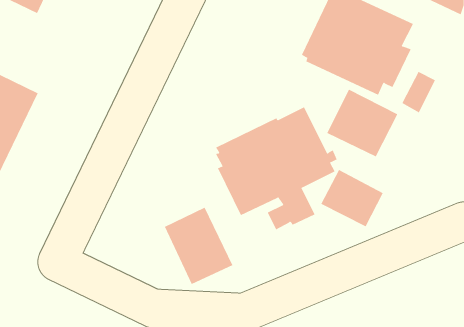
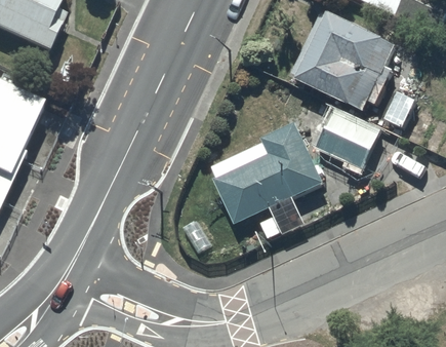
building: [321,169,383,227] -> none
building: [164,207,233,285] -> none

